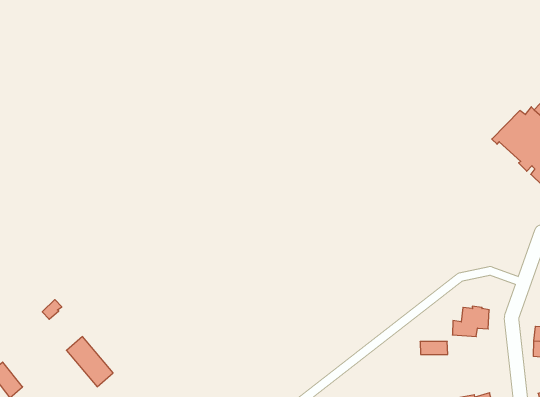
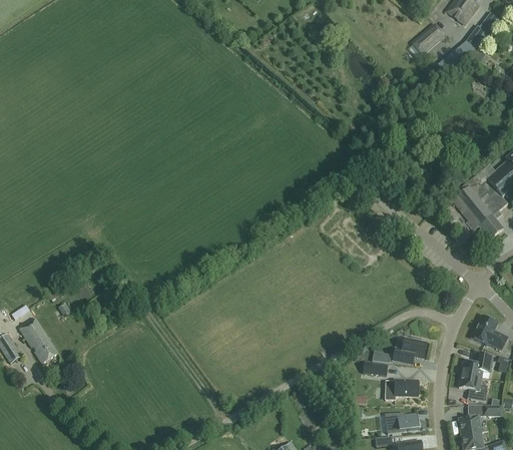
building: [66,337,113,387] -> [20,319,57,363]
building: none -> [385,380,418,400]

